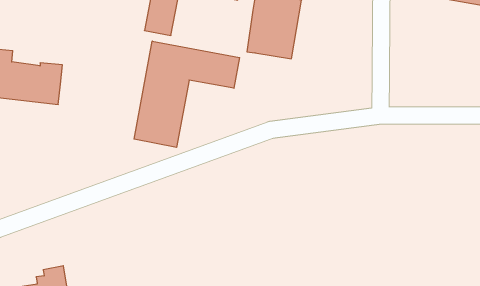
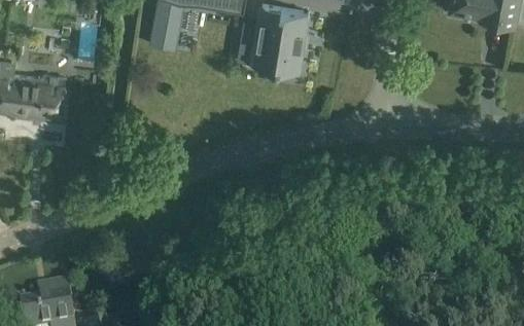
building: [134,41,240,147] -> none

